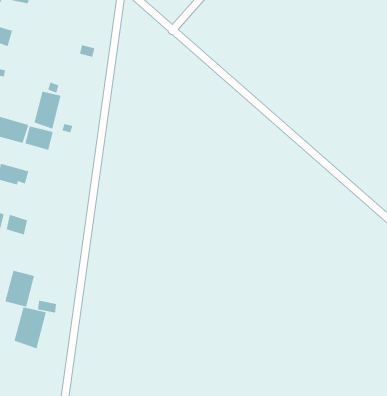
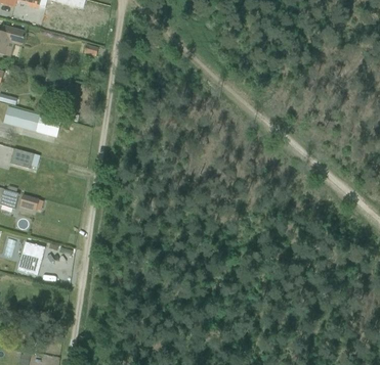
building: [34,91,61,129] -> none
building: [14,307,46,349] -> none

